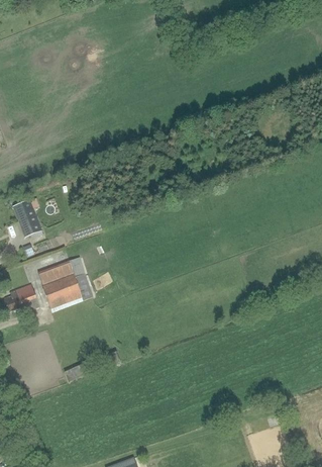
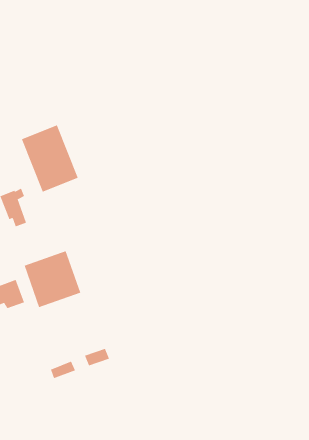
building: none -> [21,125,78,193]

